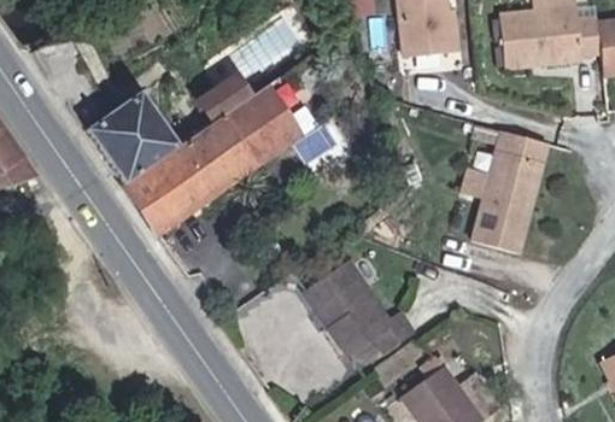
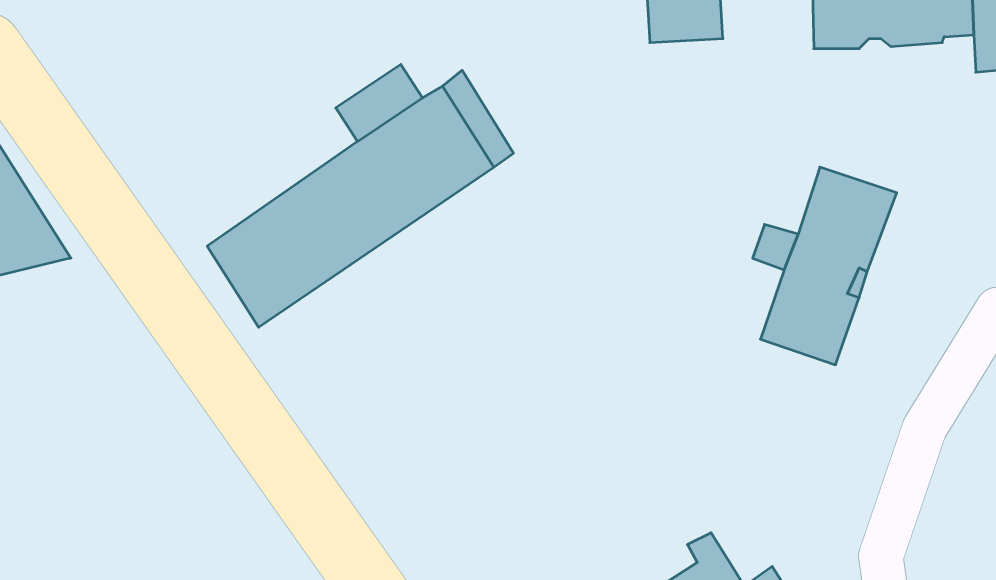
building: [94,87,184,182] -> none
building: [304,266,408,356] -> none

